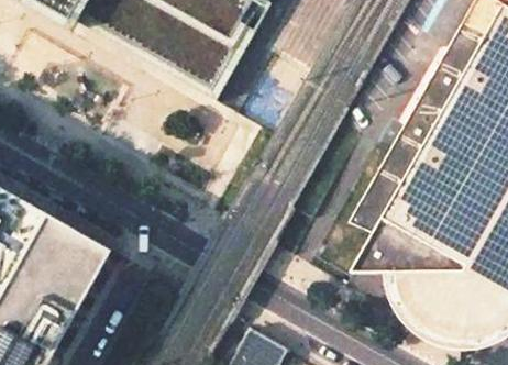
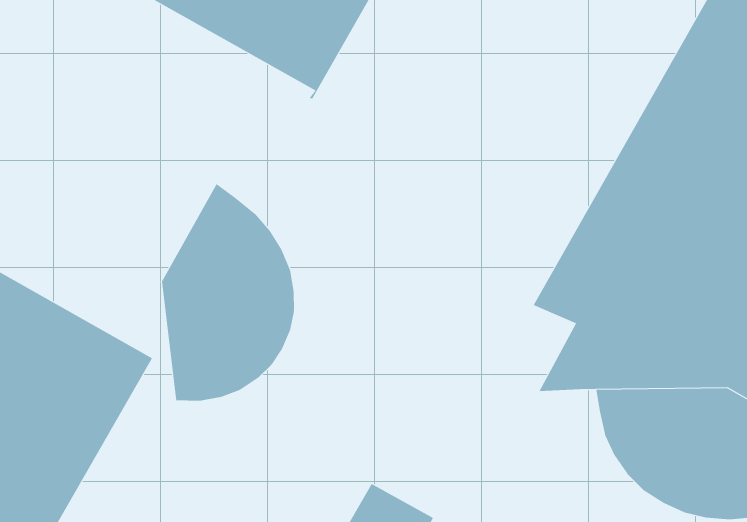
building: none -> [162,183,294,401]

